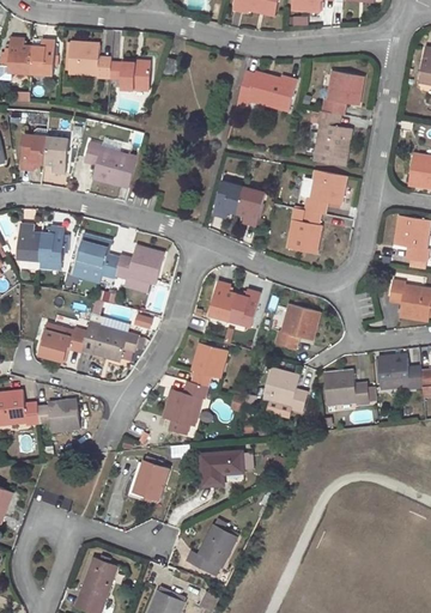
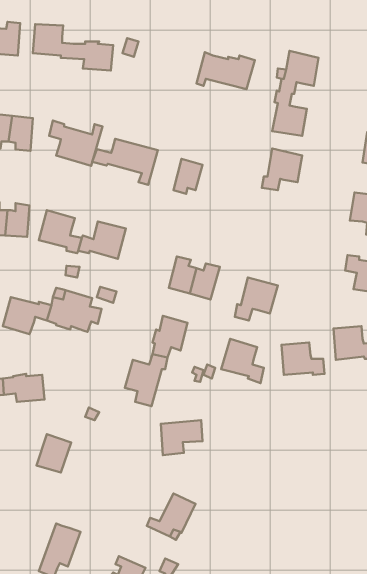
building: none -> [92,139,158,185]
building: [236,187,265,225] -> none
building: [287,211,321,254] -> none
building: [133,460,169,499] -> [36,434,71,473]

